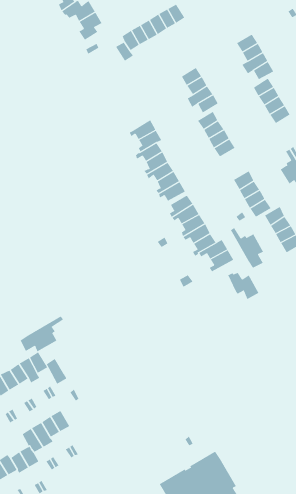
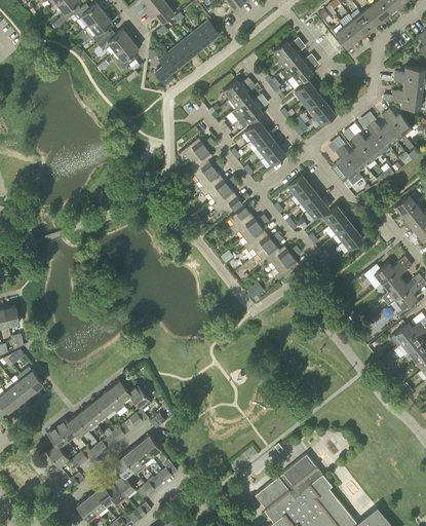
building: [230,227,264,268] -> none
building: [227,272,259,300] -> none
building: [20,315,64,352] -> none

